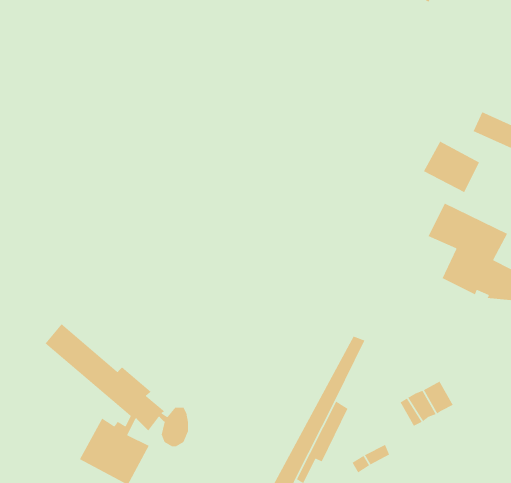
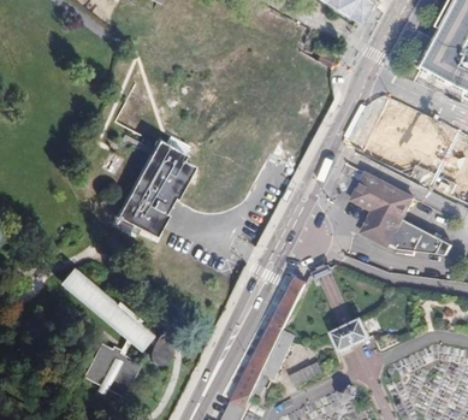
building: none -> [117,138,195,237]

